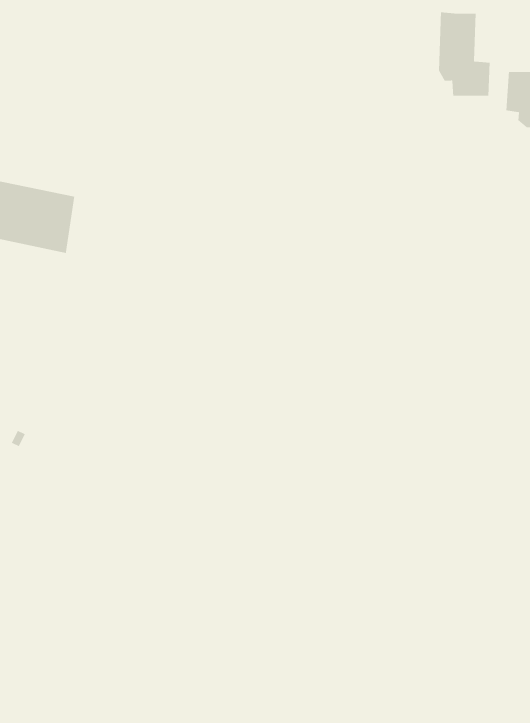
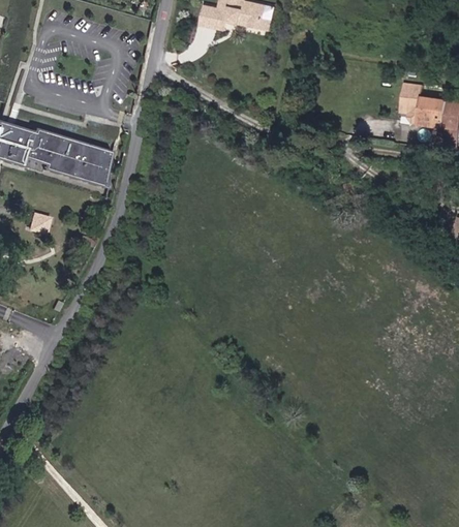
building: [438,12,491,97] -> none

